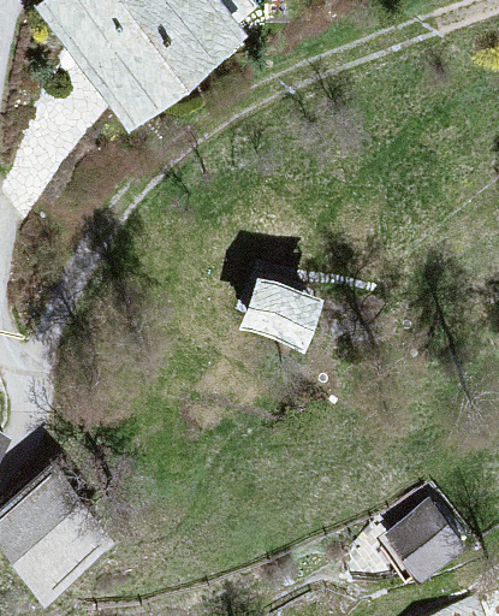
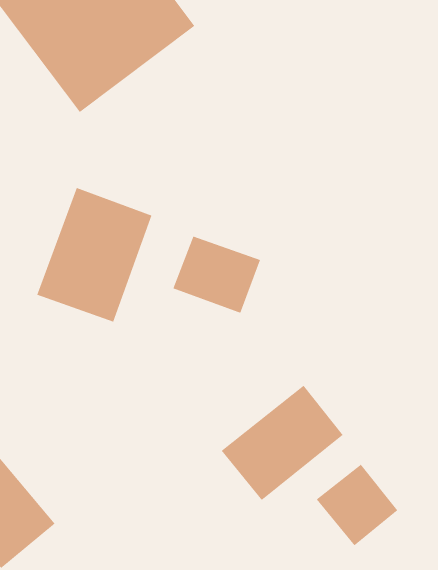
building: none -> [36,187,152,322]
building: none -> [221,385,344,501]

